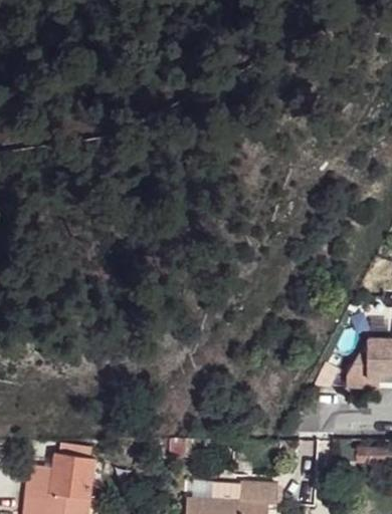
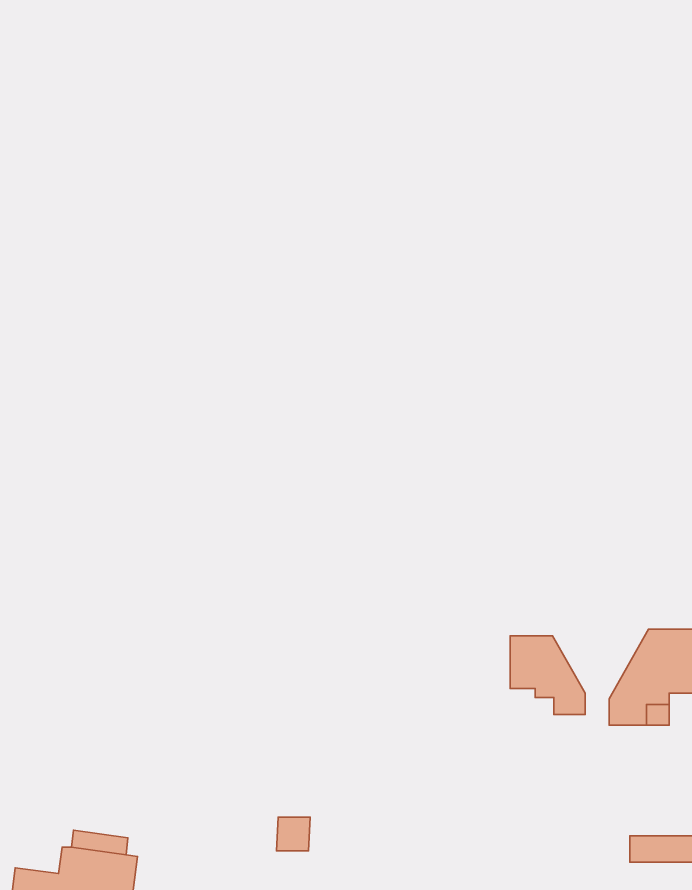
building: none -> [510,636,585,715]

